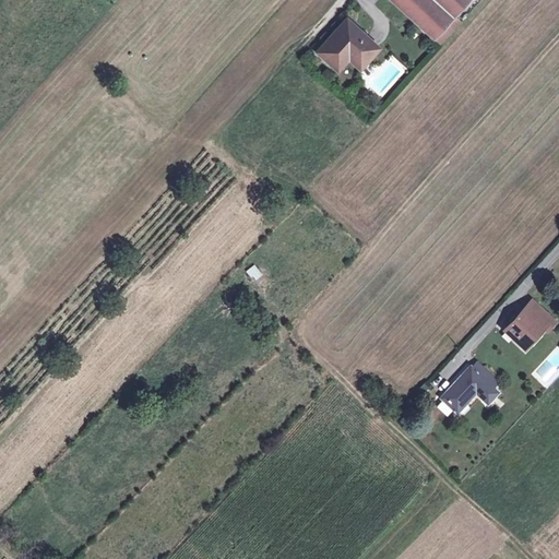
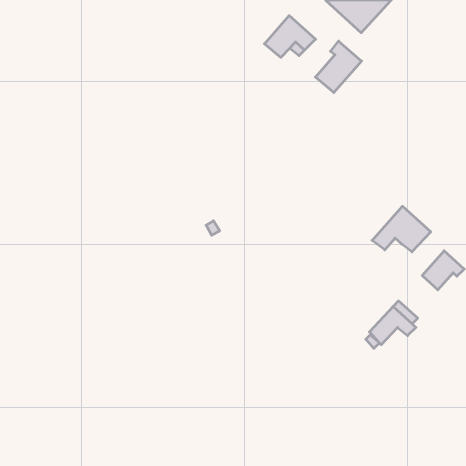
building: none -> [315,41,362,93]
building: none -> [372,206,431,252]

